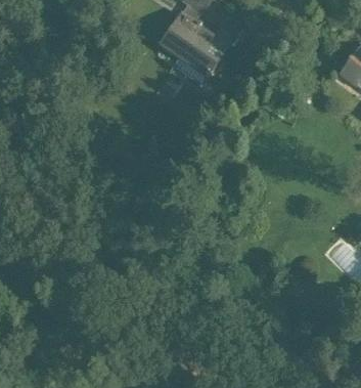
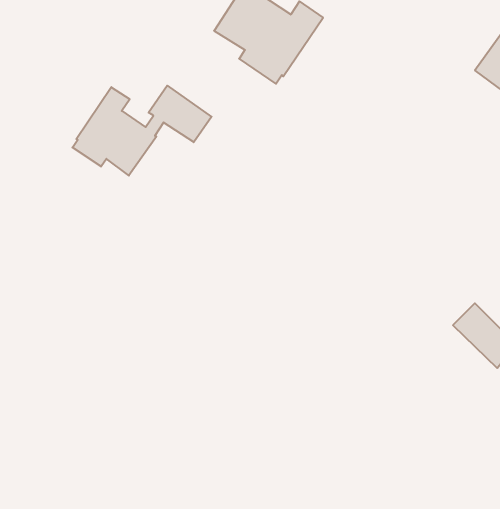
building: none -> [72,86,212,176]

